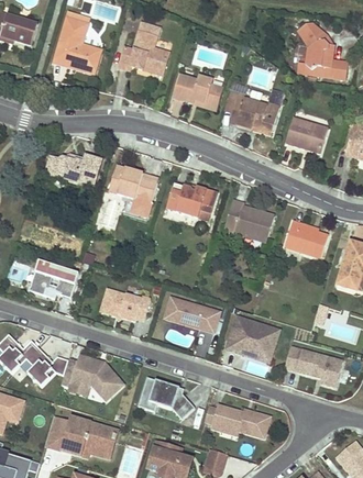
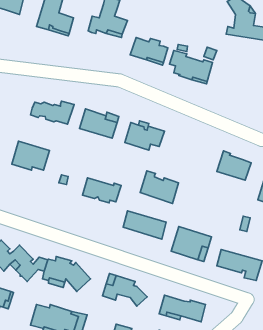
building: [285,119,327,154] -> none
building: [224,200,274,242] -> [140,171,179,204]
building: [29,260,77,298] -> [12,141,49,170]
building: [100,289,150,321] -> [82,178,121,203]

